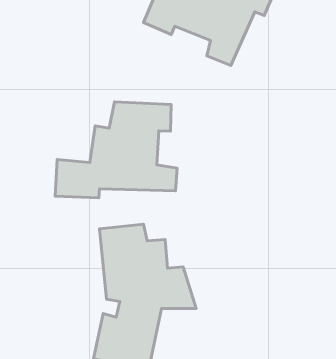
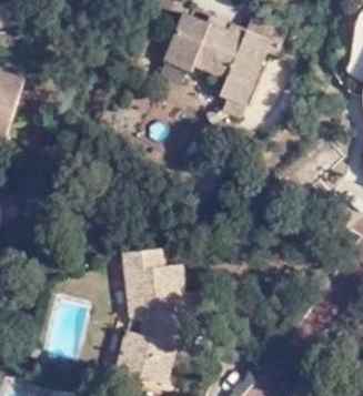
building: [55,102,177,198] -> none

